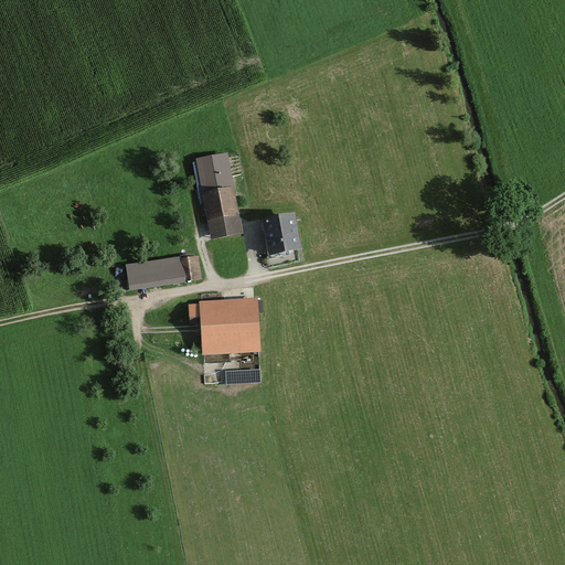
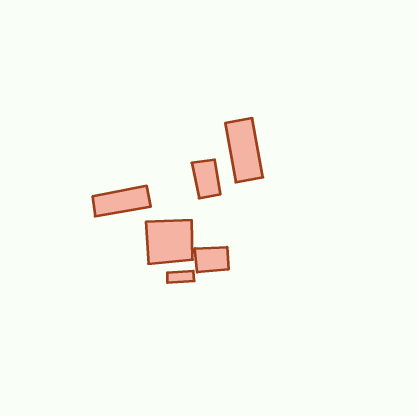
building: [192,151,243,237] -> [225,118,263,182]
building: none -> [195,247,228,272]

